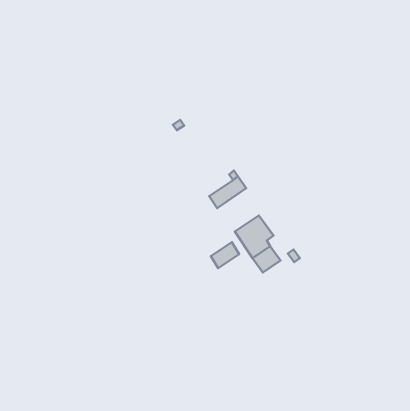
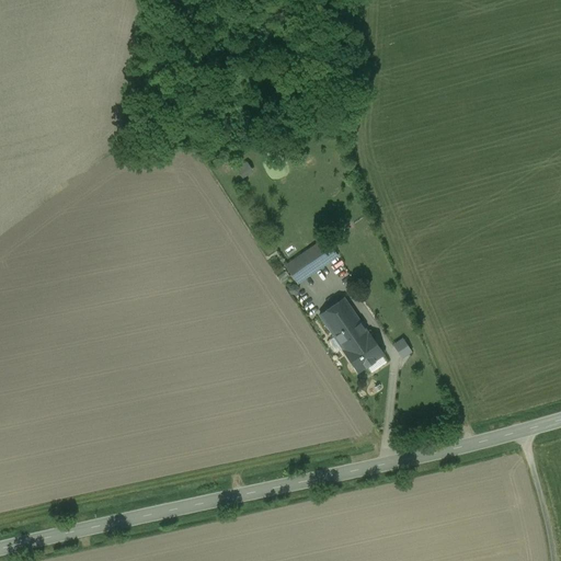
building: [211,242,239,268] -> none

